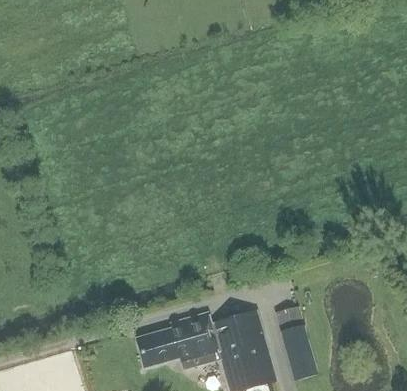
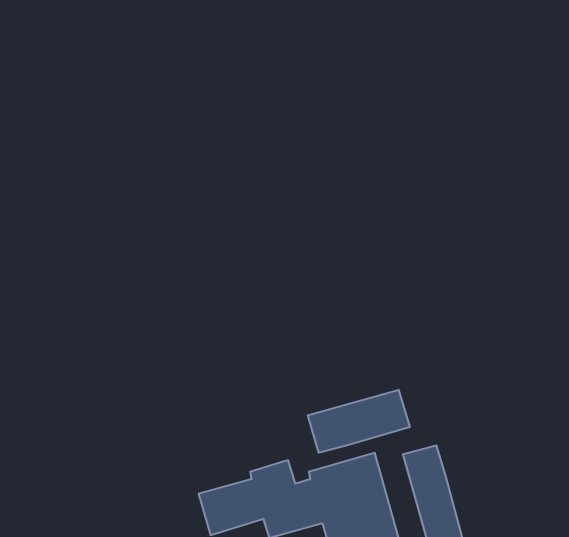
building: none -> [308,390,410,453]

